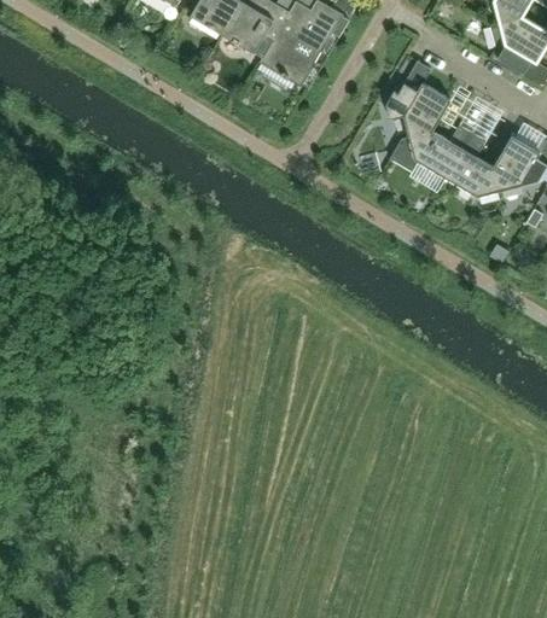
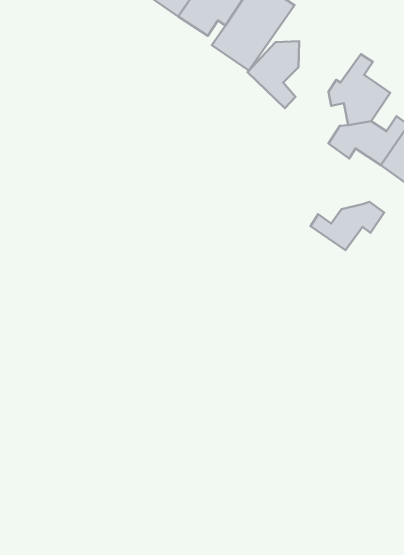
building: none -> [247,41,299,108]
building: none -> [311,202,384,250]

